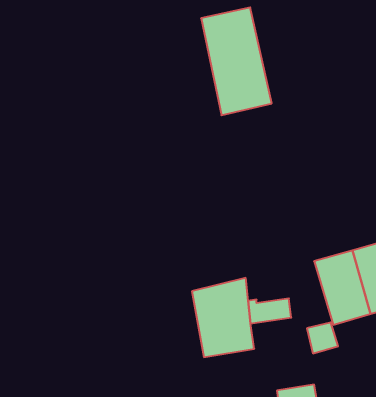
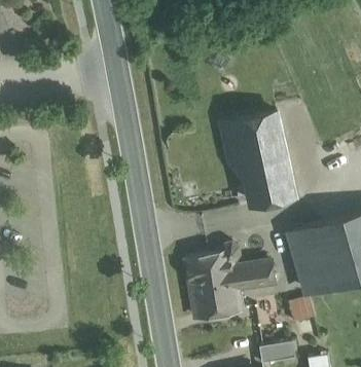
building: [201,7,272,115] -> [233,113,294,206]

